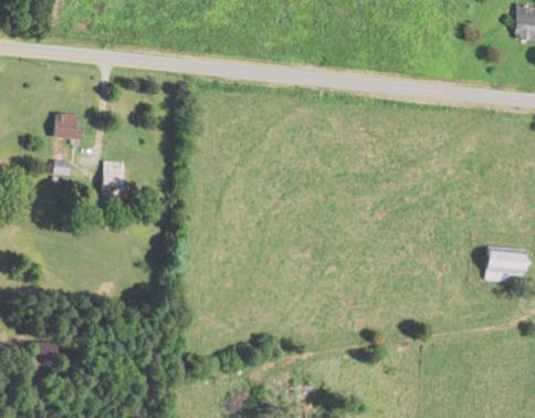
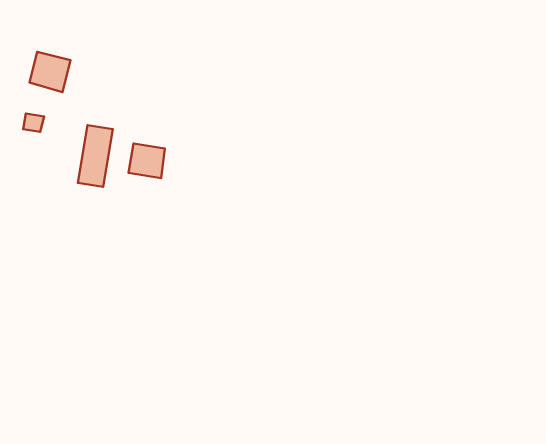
building: none -> [128,143,165,178]

